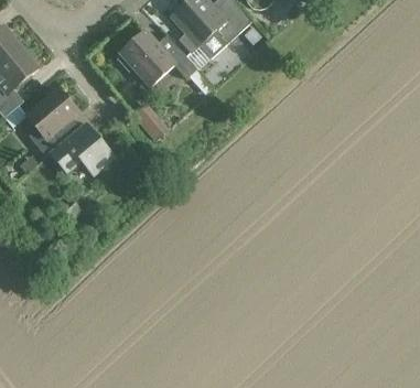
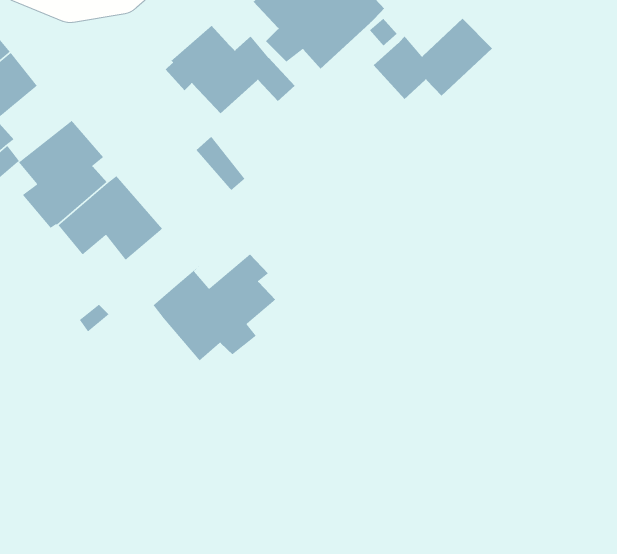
building: none -> [373,18,493,100]
building: none -> [152,254,276,362]

